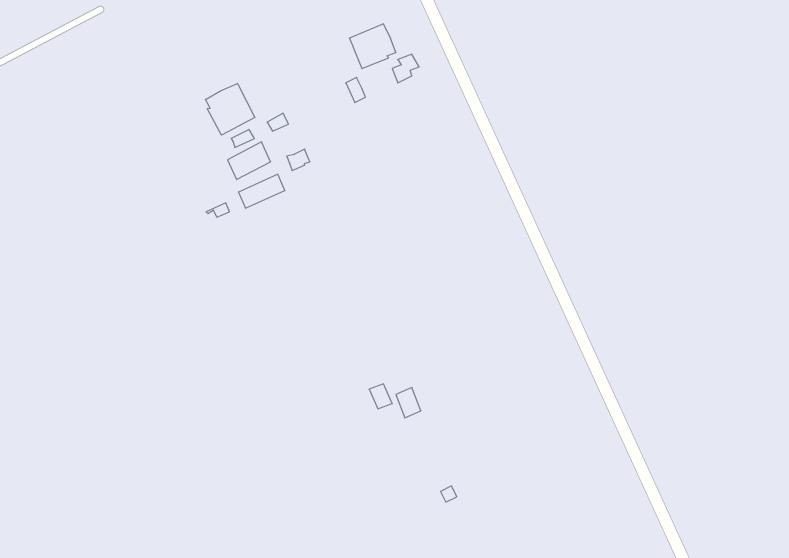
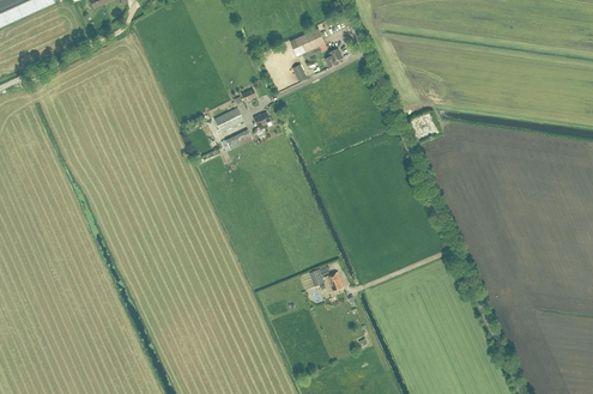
building: [205,83,255,135] -> none

